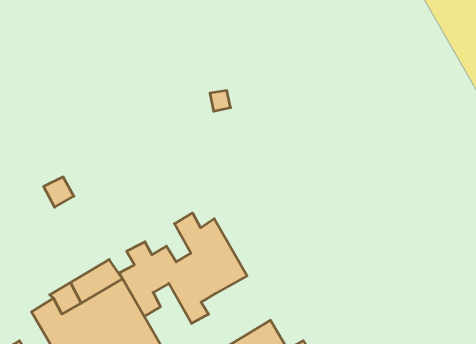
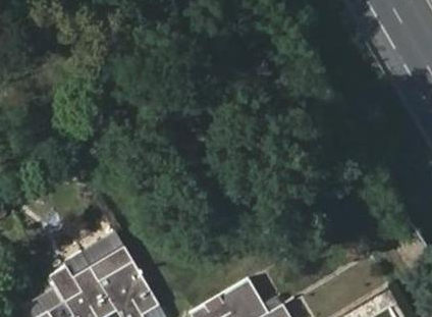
building: [119,213,247,323] -> none

